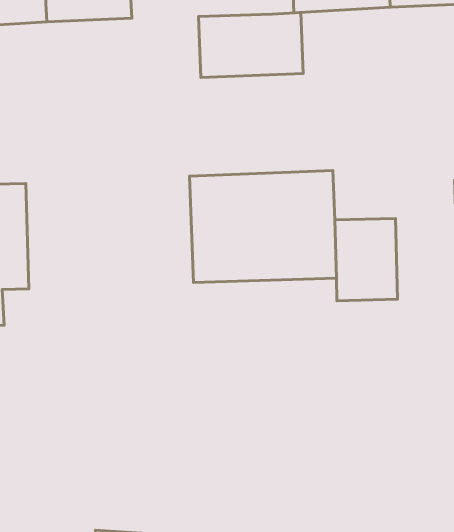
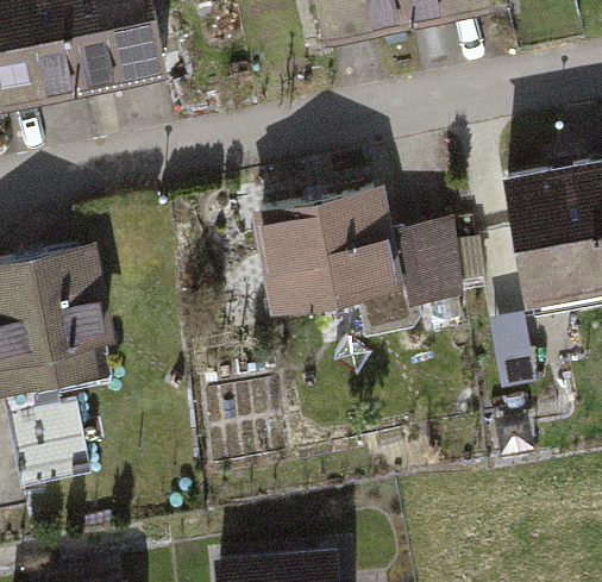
building: [199,12,303,77] -> none

